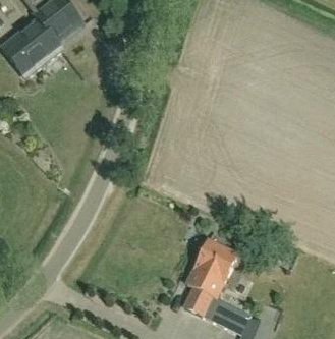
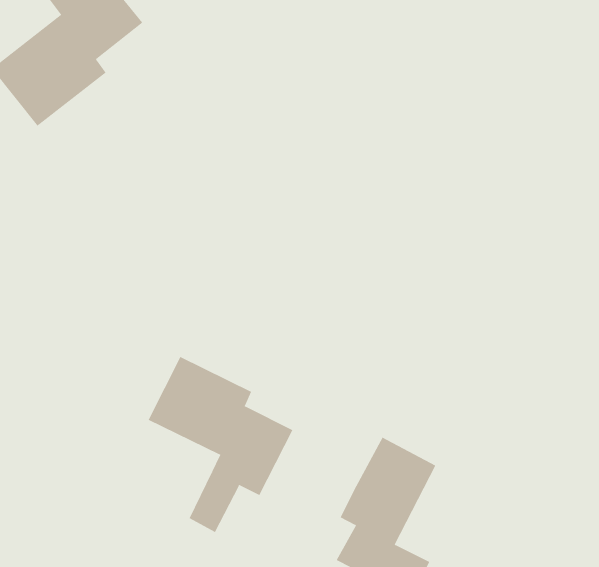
building: none -> [148,356,293,533]

